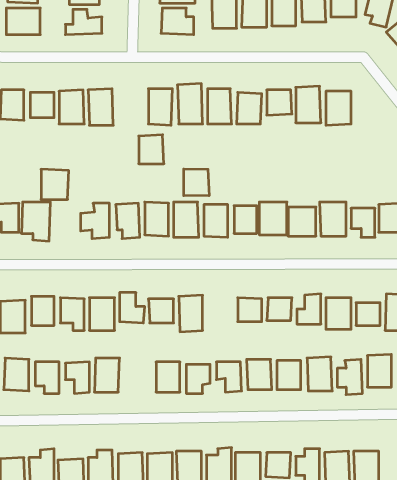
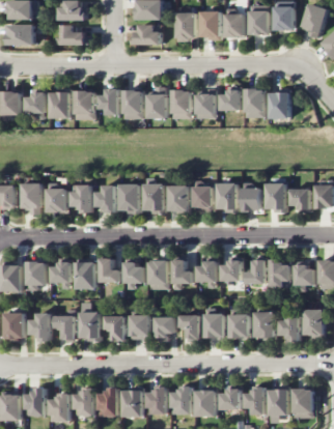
building: [139,135,164,164] -> [99,90,119,114]
building: [184,169,209,196] -> none
building: [41,169,69,199] -> [45,188,67,212]
building: none -> [172,259,192,290]
building: none -> [104,316,126,340]

